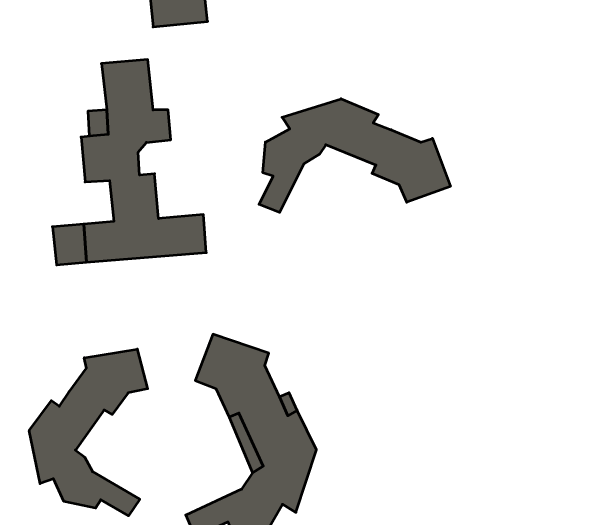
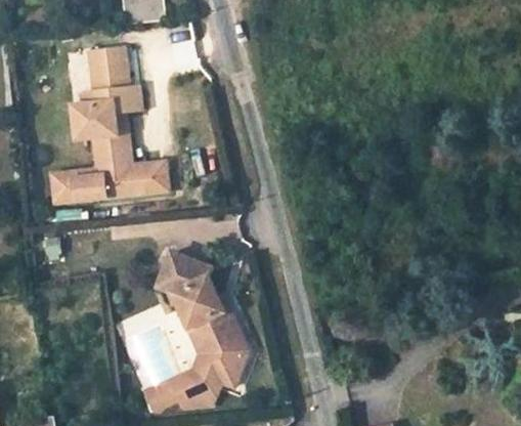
building: [259,99,450,212] -> none
building: [29,349,148,516] -> none

